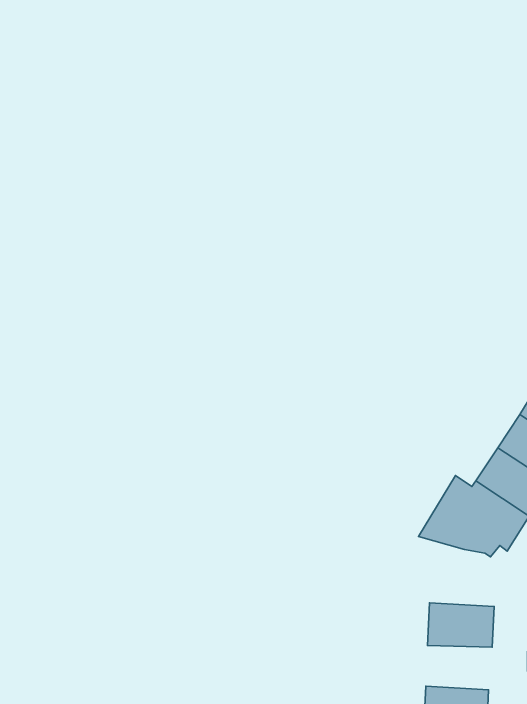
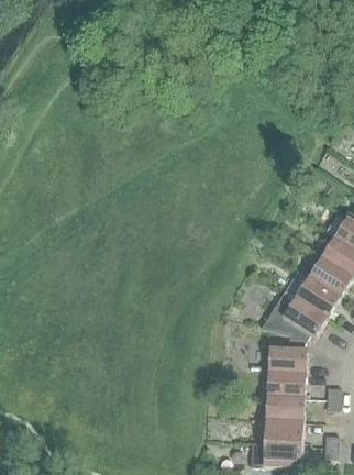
building: none -> [267,336,307,371]
building: none -> [265,394,305,420]

